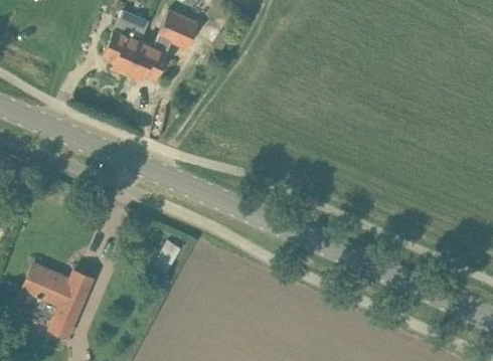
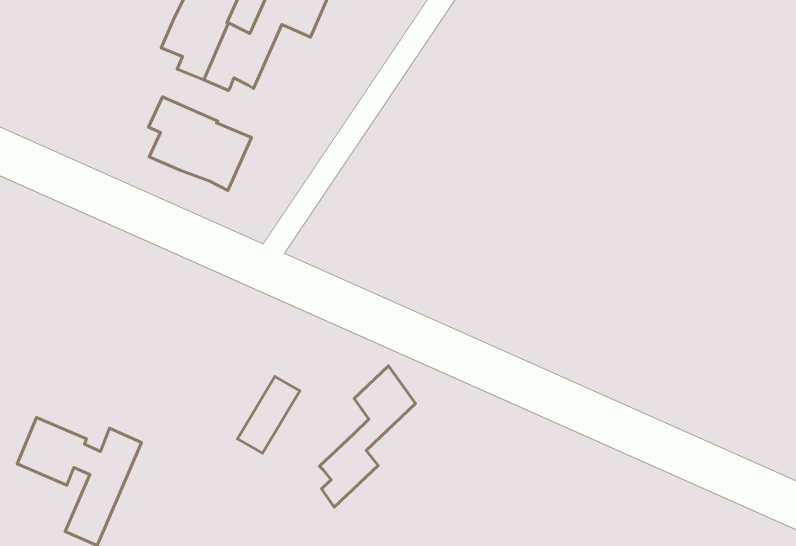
building: none -> [148,97,252,191]
building: none -> [319,366,416,507]

